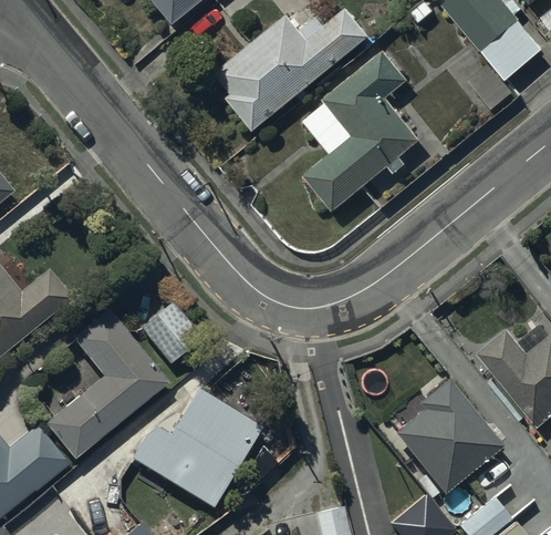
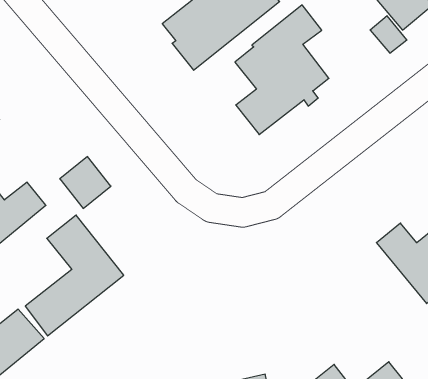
building: [139,300,202,364] -> [60,157,111,208]
building: [394,372,500,485] -> none
building: [129,390,260,508] -> none

